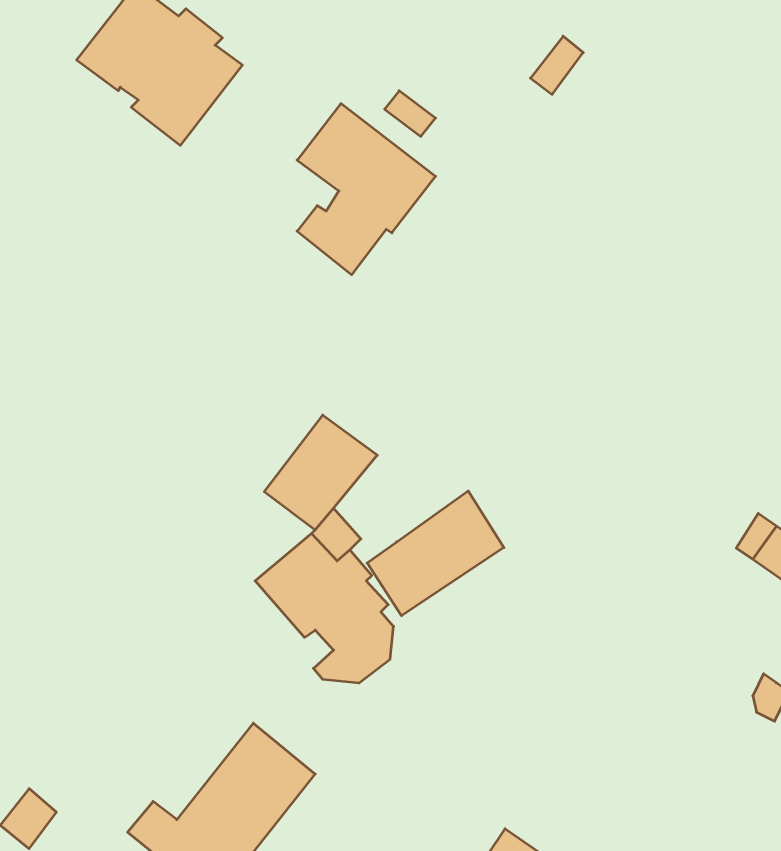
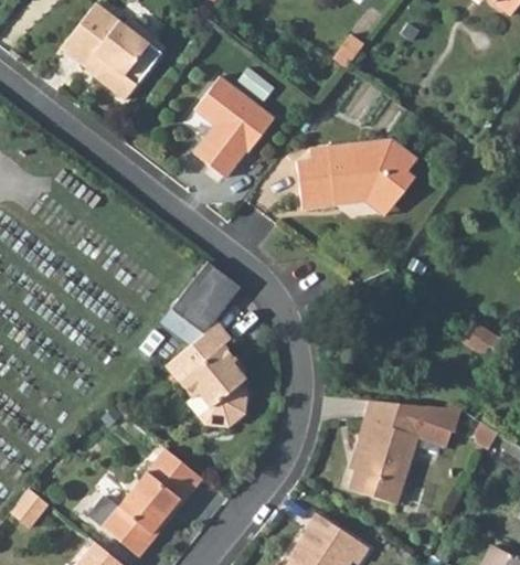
building: none -> [294,138,415,210]
building: [367,491,504,616] -> none
building: none -> [349,402,459,505]

